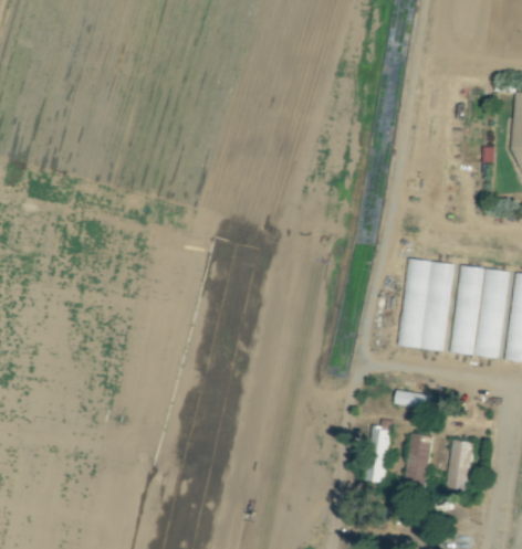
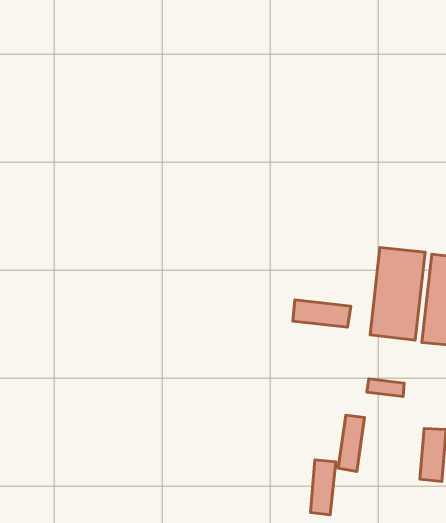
building: none -> [293,300,351,327]
building: [406,433,431,488] -> [310,460,336,515]

